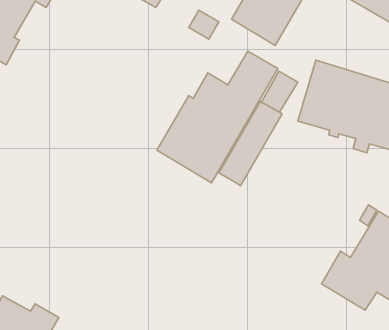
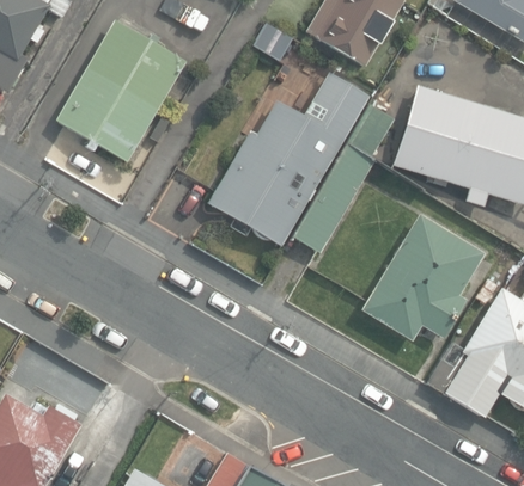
building: none -> [56,23,184,162]
building: none -> [360,214,483,343]

